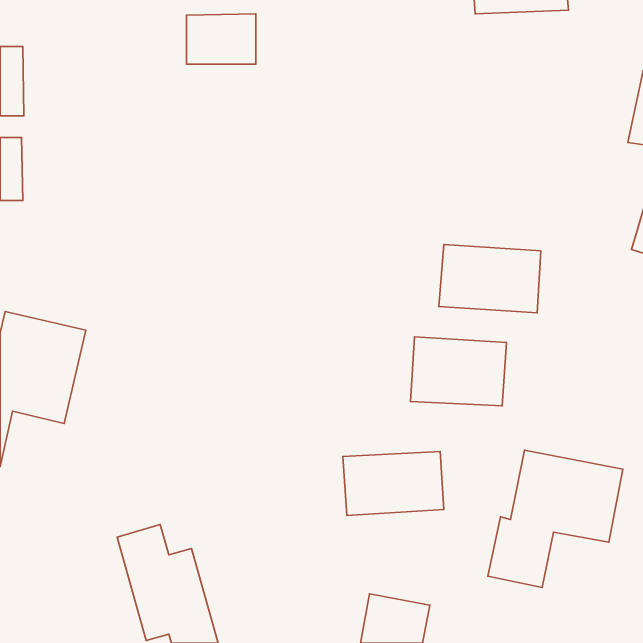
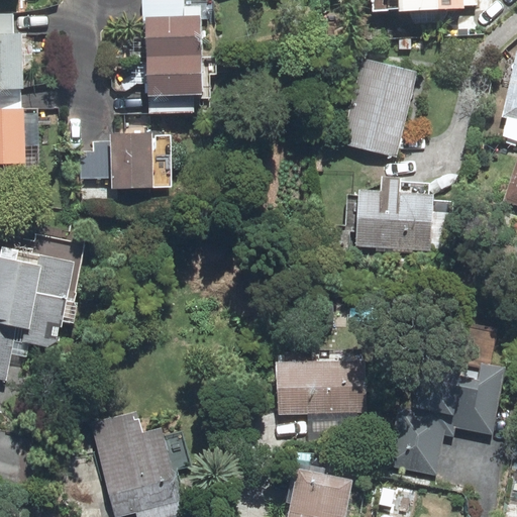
building: none -> [150,51,206,98]
building: none -> [347,62,413,158]
building: none -> [115,135,154,194]
building: [411,337,506,406] -> none

